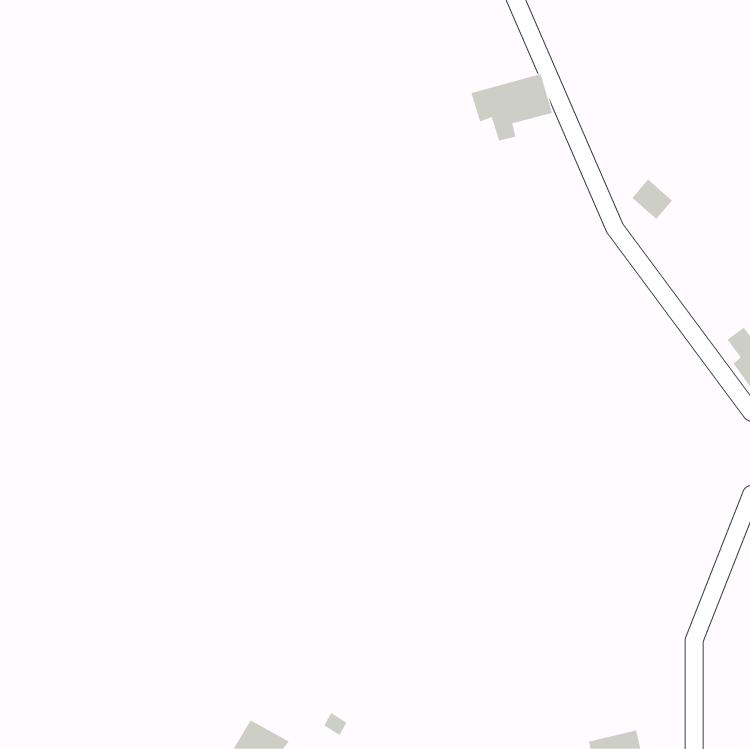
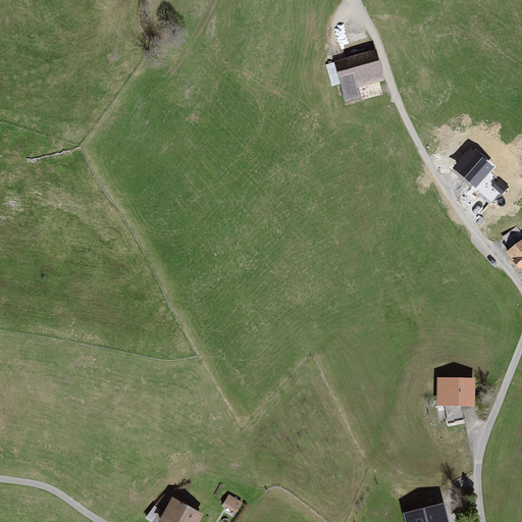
building: [632,179,673,220] -> [460,153,488,181]
building: none -> [442,380,471,421]

